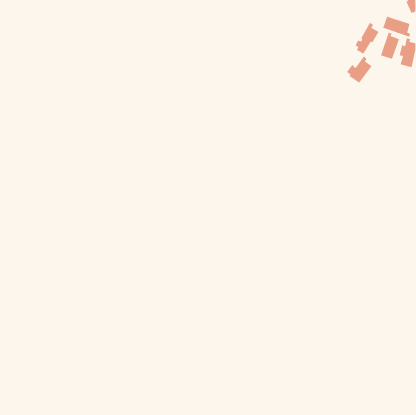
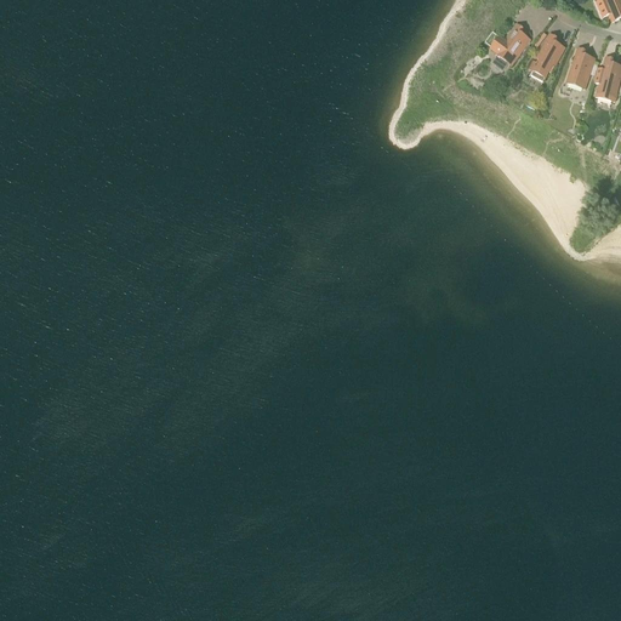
building: [382,16,411,37] -> none
building: [346,56,372,83] -> [491,23,530,64]

